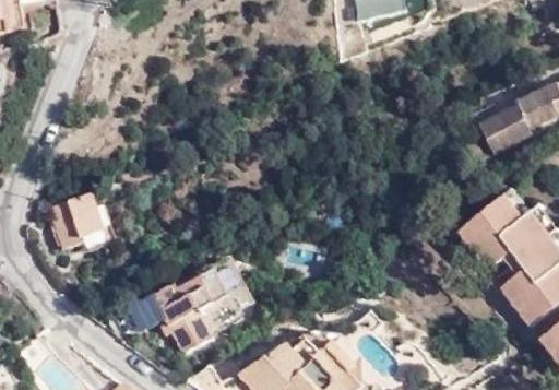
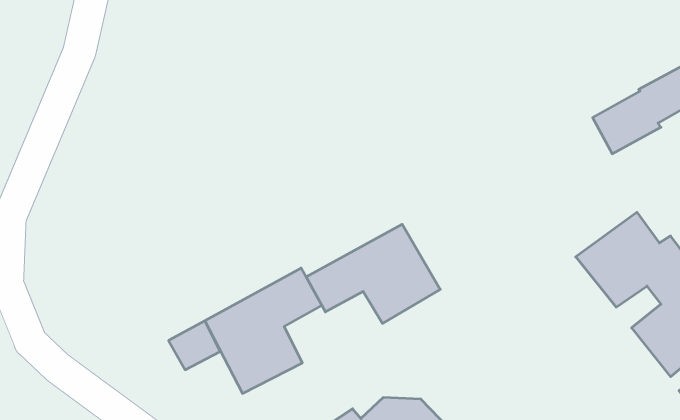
building: [50,193,103,248] -> none
building: none -> [306,224,440,323]

